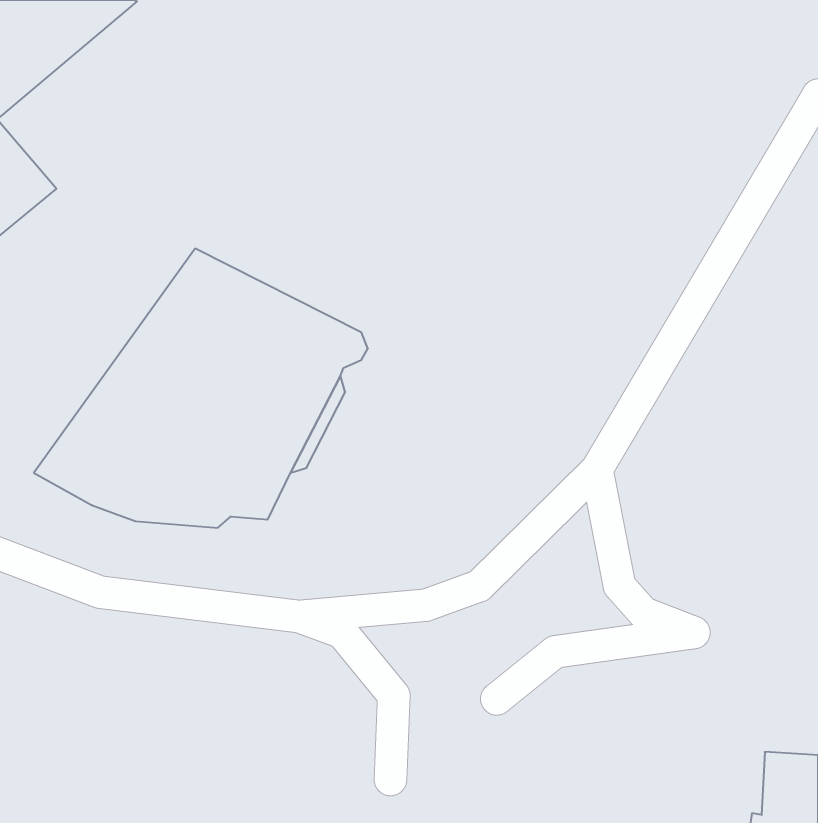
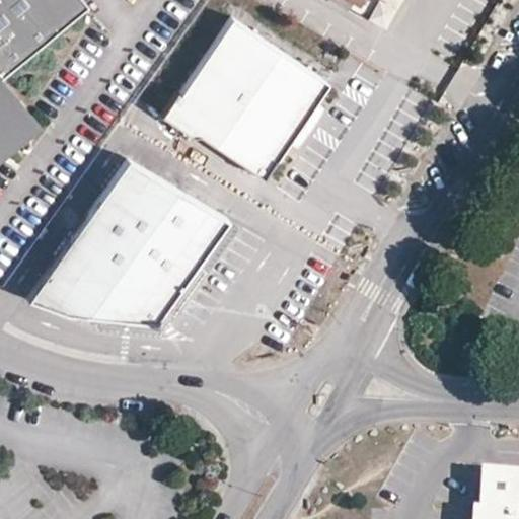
building: none -> [163,18,328,176]

